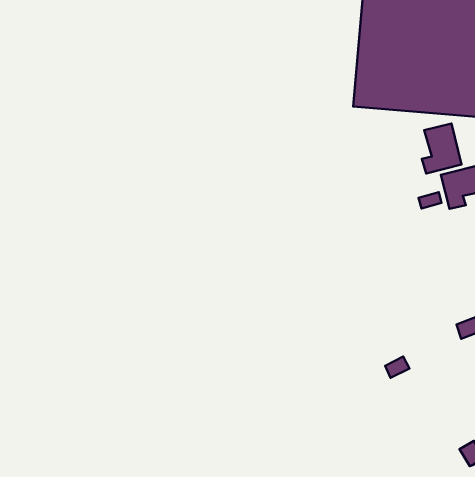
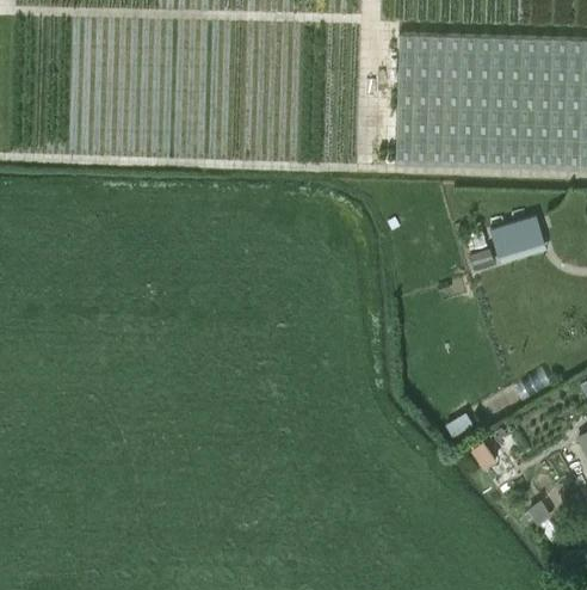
building: [422,123,462,174] -> none

